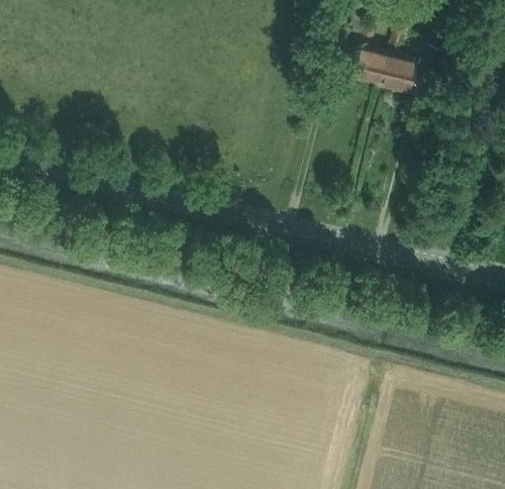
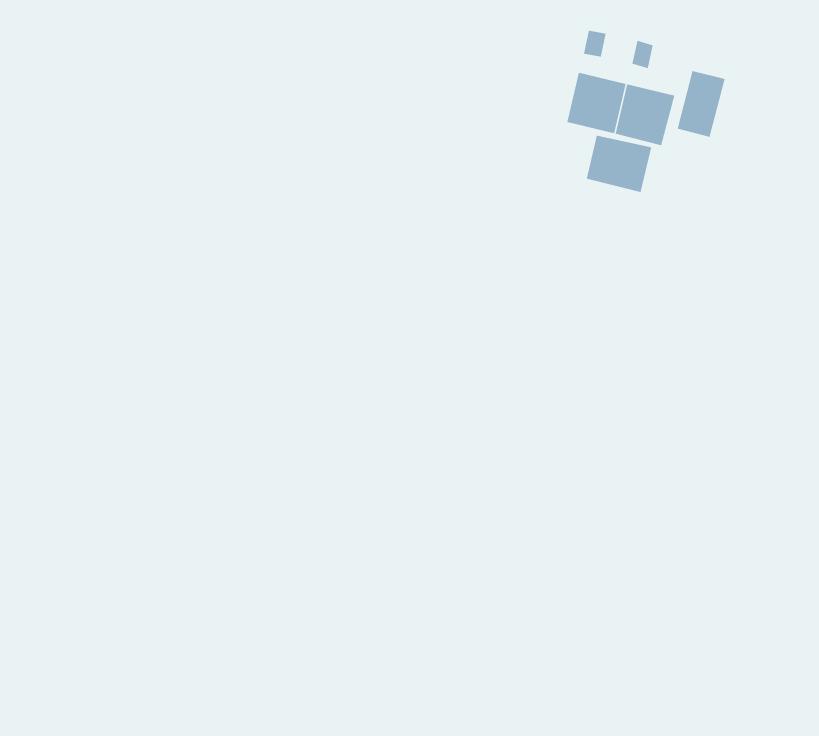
building: none -> [586,135,652,193]

